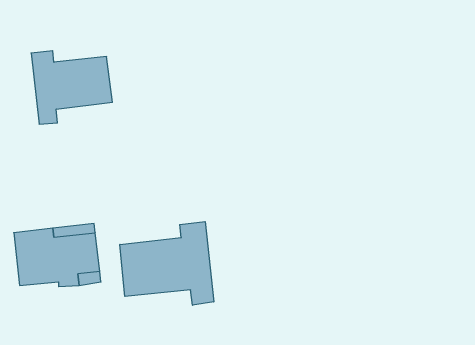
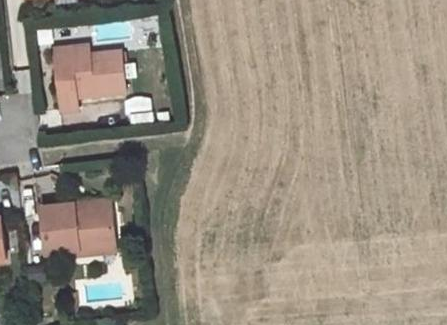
building: [120,222,214,305] -> none

